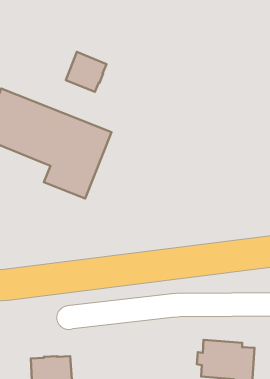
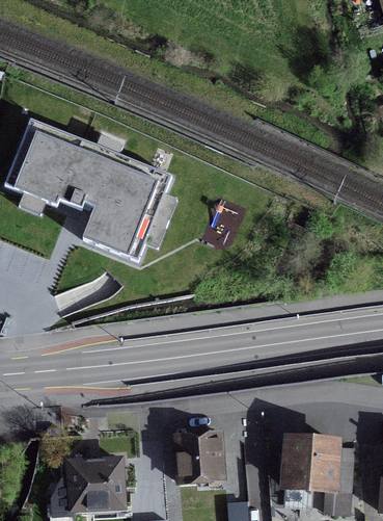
building: [66,52,106,92] -> none
building: none -> [175,428,220,481]

